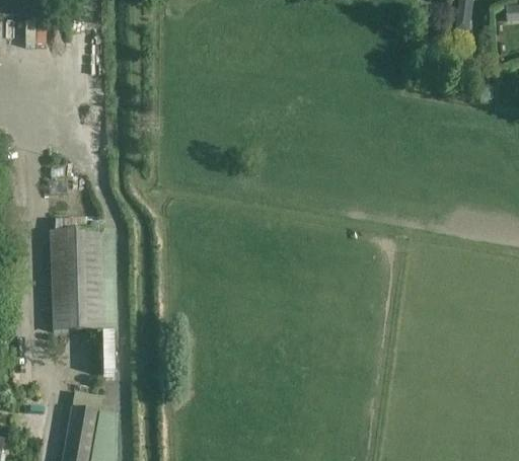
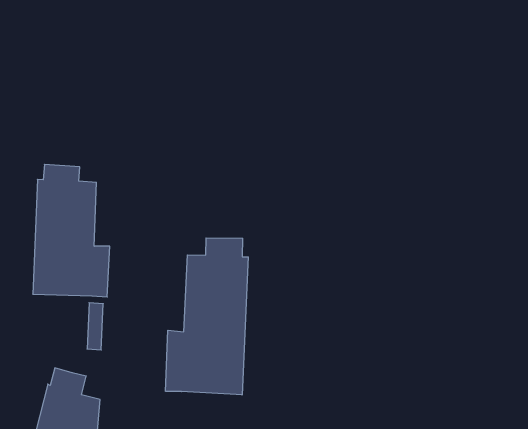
building: none -> [166,238,248,395]

